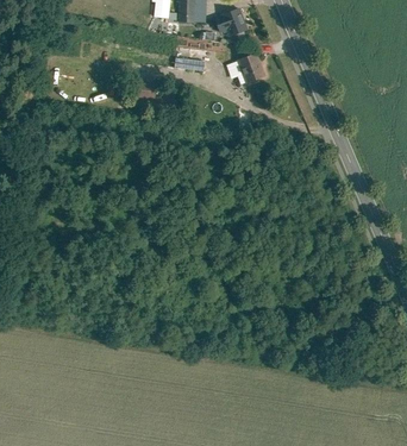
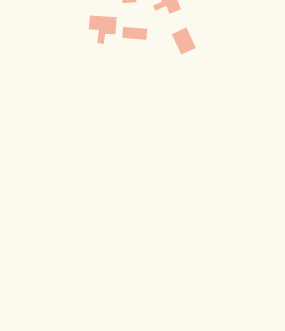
building: none -> [88,15,117,45]

